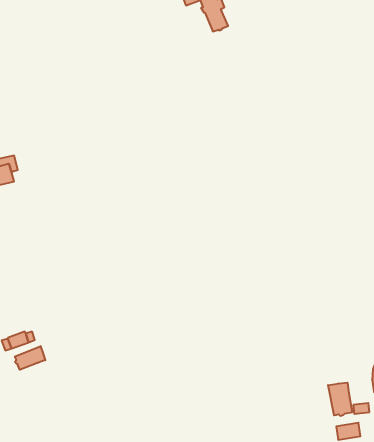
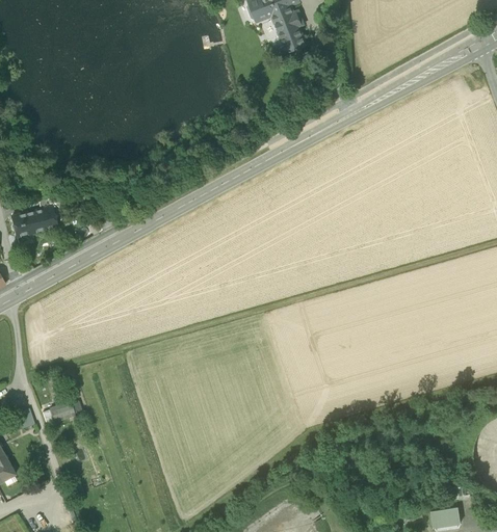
building: [15,346,45,370] -> none
building: [328,383,352,416] -> none

